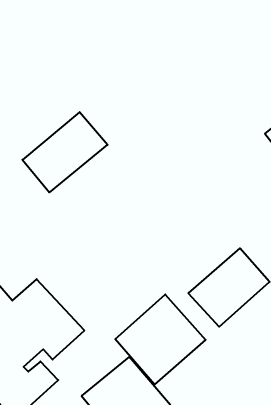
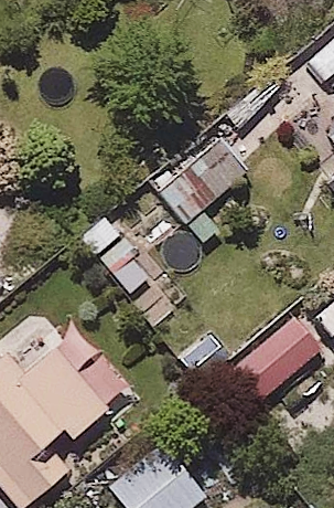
building: [22,112,108,192] -> [152,133,252,227]
building: [115,294,206,384] -> none

